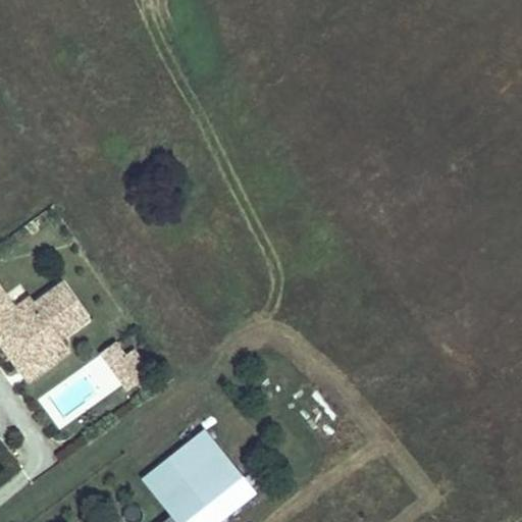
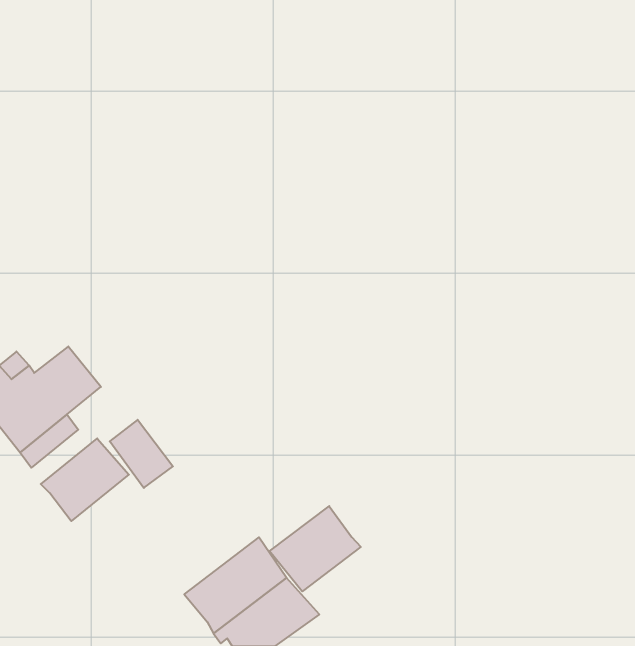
building: none -> [41,438,129,521]
building: none -> [269,506,361,591]

